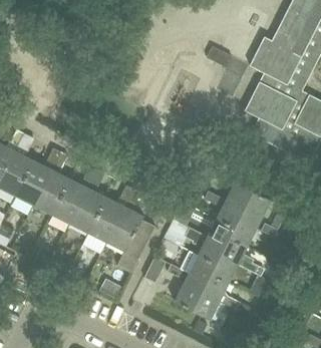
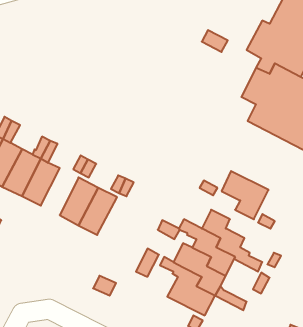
building: [52,179,88,224] -> none
building: [216,201,257,246] -> none
building: [106,207,155,273] -> none

